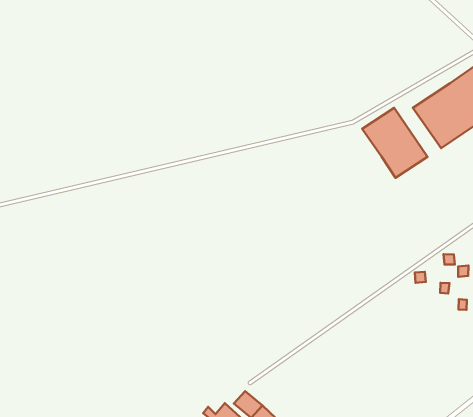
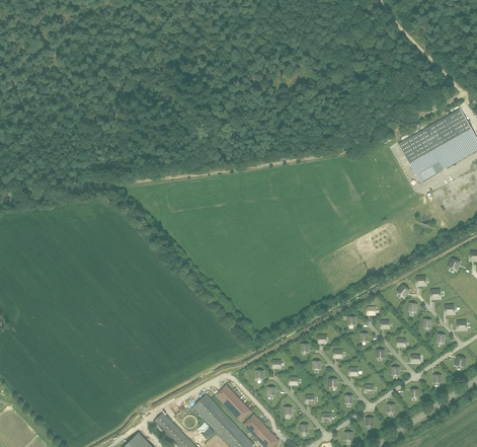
building: [362,108,427,178] -> none

